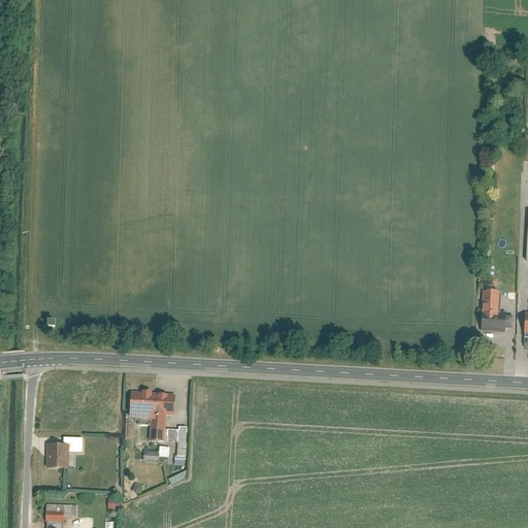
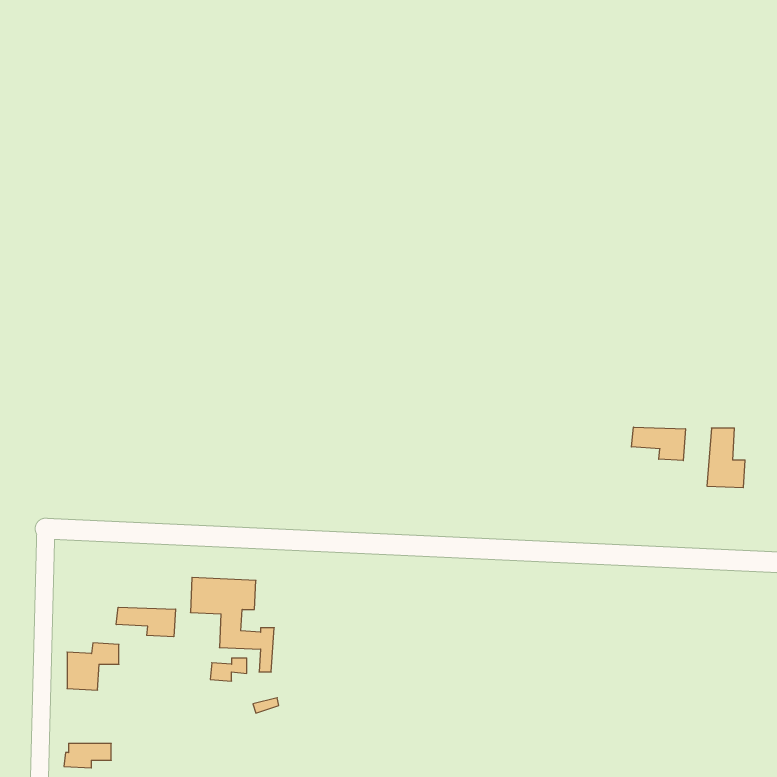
building: none -> [631,427,685,461]
building: none -> [116,607,176,637]

